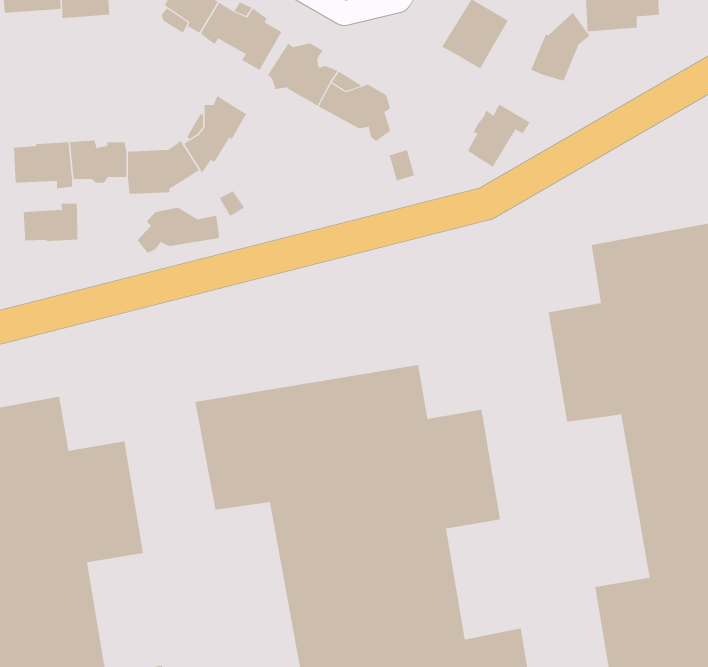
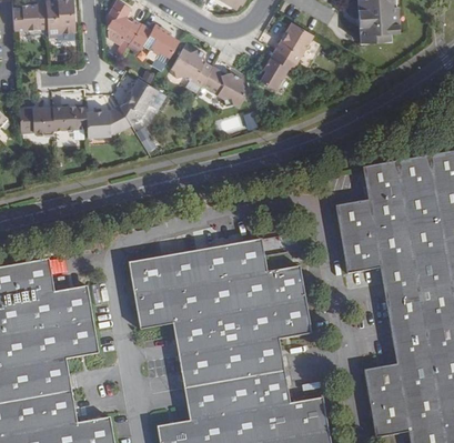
building: [531,12,590,82] -> none
building: [467,104,531,167] -> [259,52,296,90]
building: [23,203,78,242] -> none
building: [137,207,220,253] -> none

